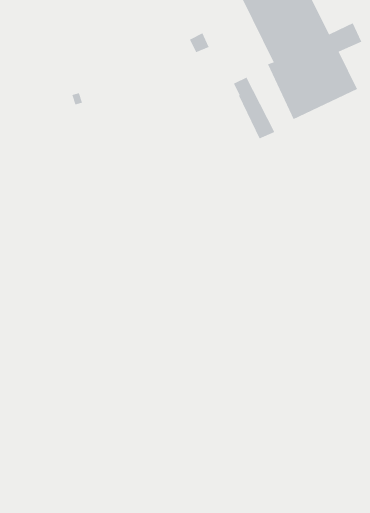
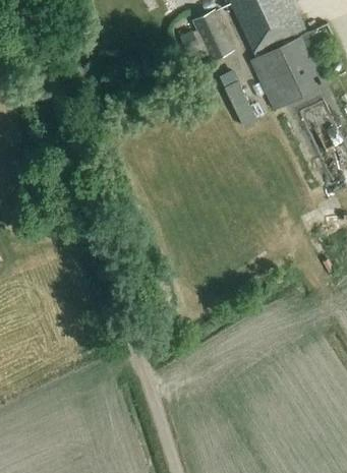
building: none -> [192,9,234,61]

